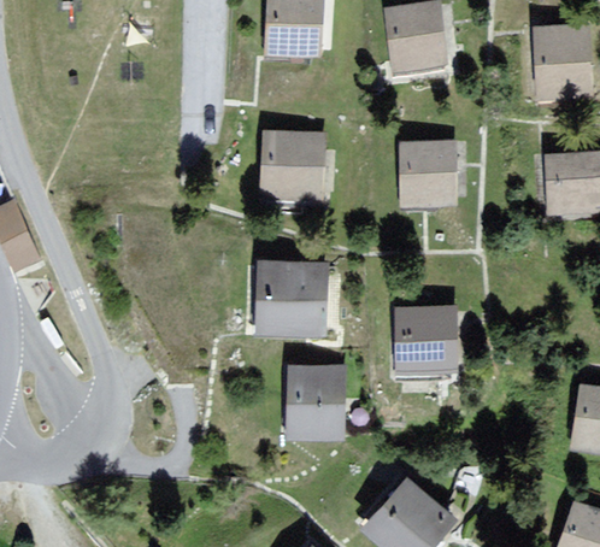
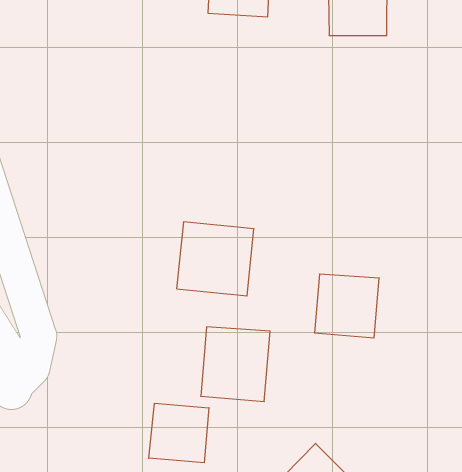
building: [261,133,327,196] -> none
building: [399,143,457,201] -> none
building: none -> [149,403,209,463]

